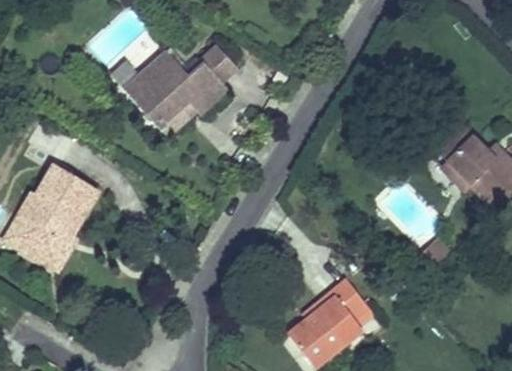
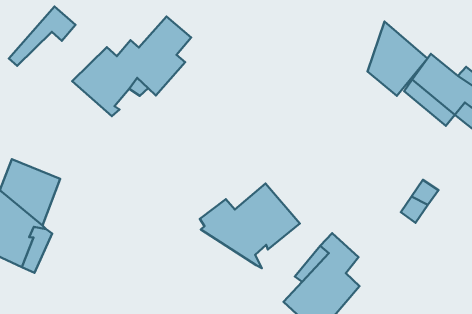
building: [116,47,183,97] -> [9,7,76,66]
building: none -> [368,21,427,96]
building: none -> [200,184,300,268]

